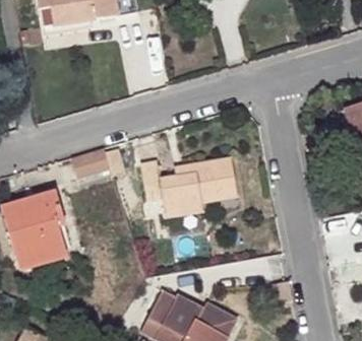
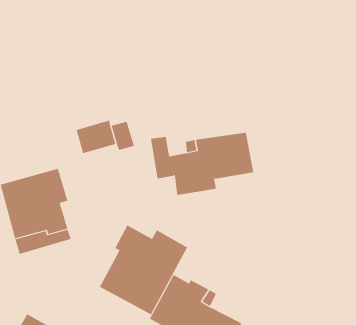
building: none -> [99,224,188,315]

